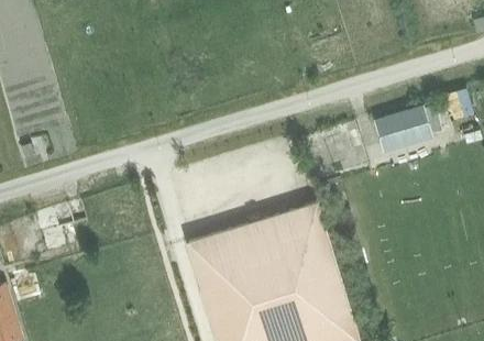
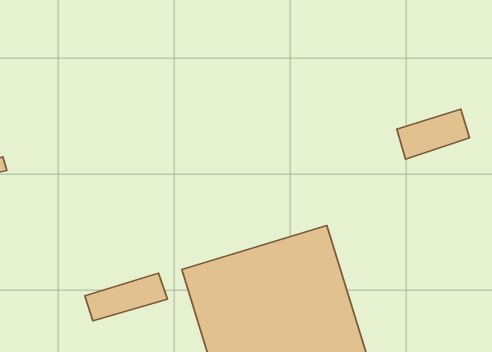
building: none -> [85,273,167,321]

